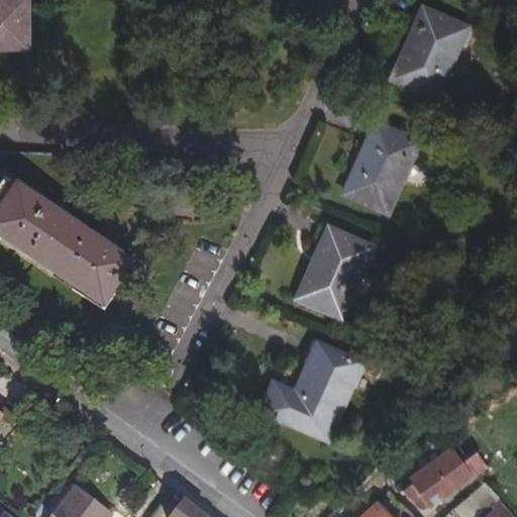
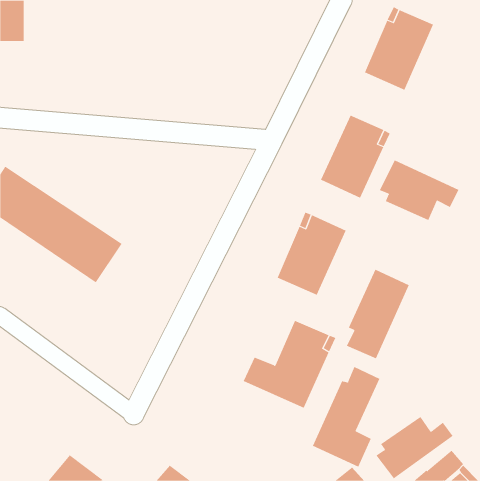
building: none -> [379,160,459,221]
building: none -> [346,269,410,359]
building: none -> [312,366,380,467]

